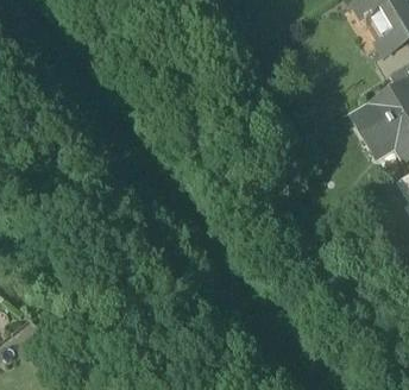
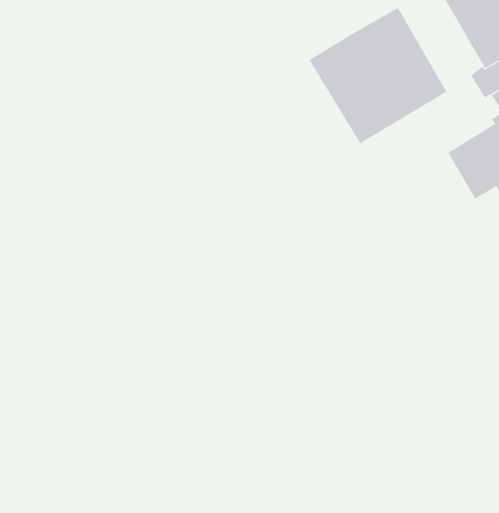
building: none -> [308,7,447,144]

